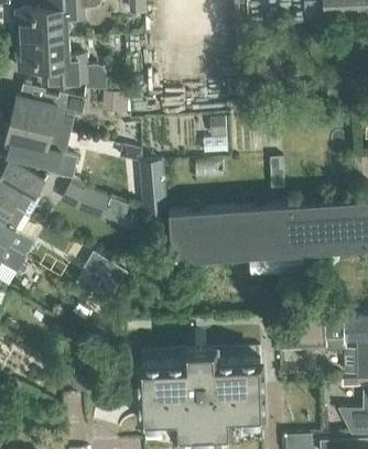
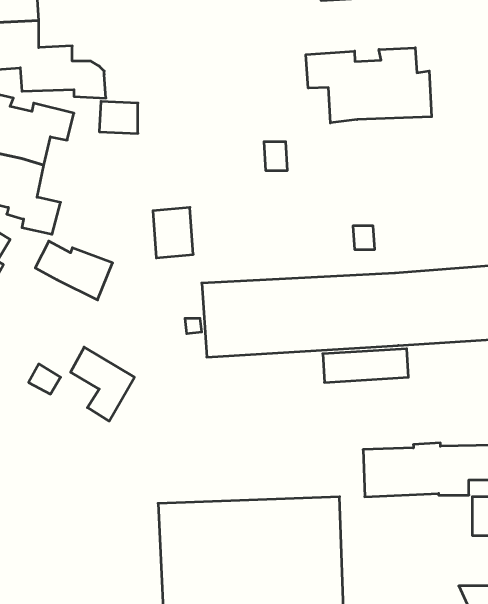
building: none -> [306,48,432,123]

